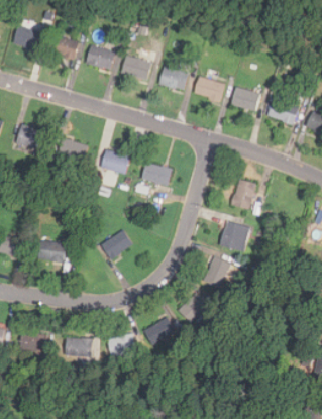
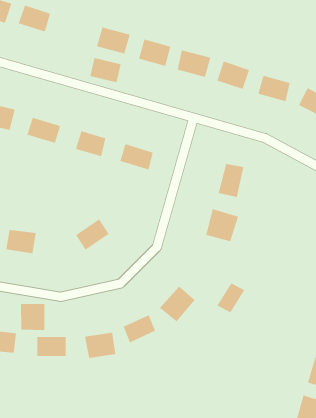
building: [86,45,115,69] -> [89,58,121,83]
building: [204,259,230,288] -> [216,282,245,313]
building: none -> [21,303,45,331]

